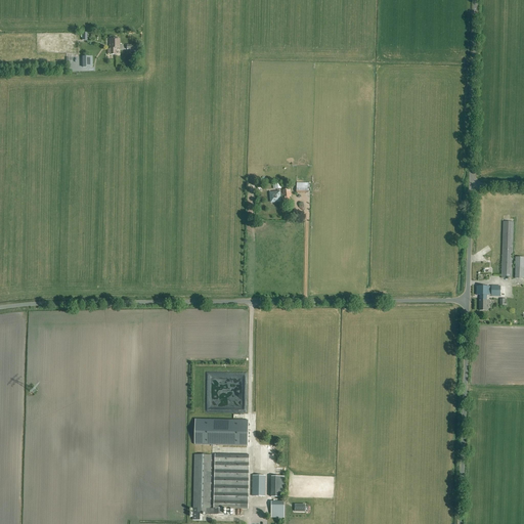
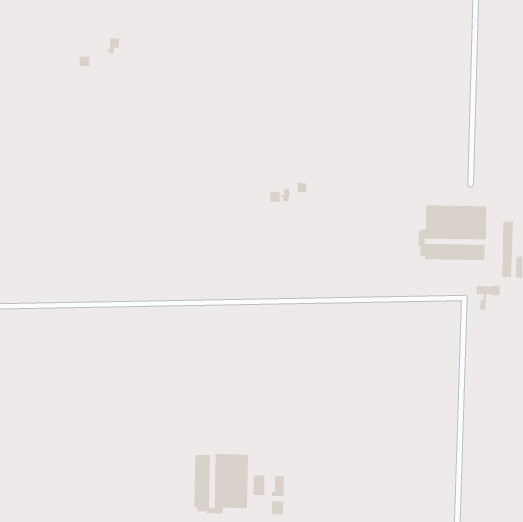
building: none -> [418,205,487,261]
building: [194,419,245,444] -> none

